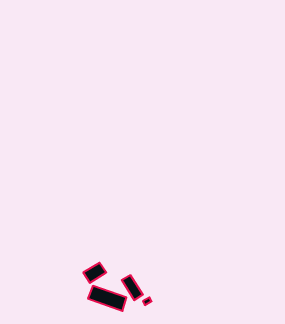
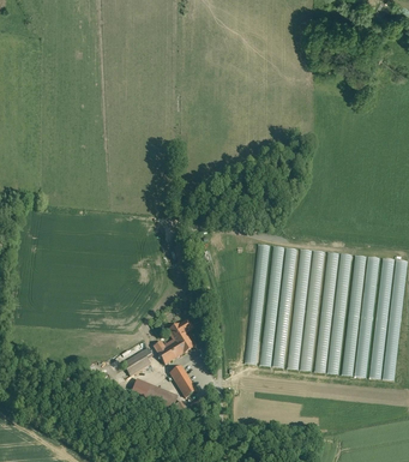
building: none -> [154,319,194,364]

